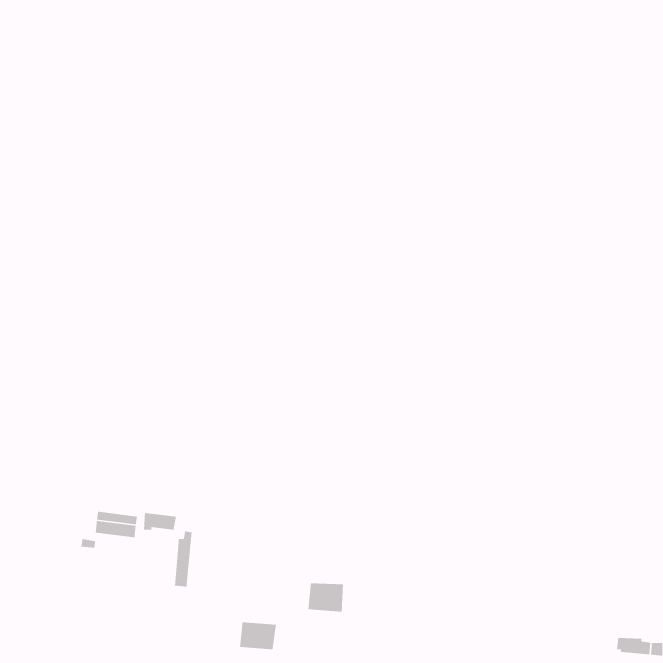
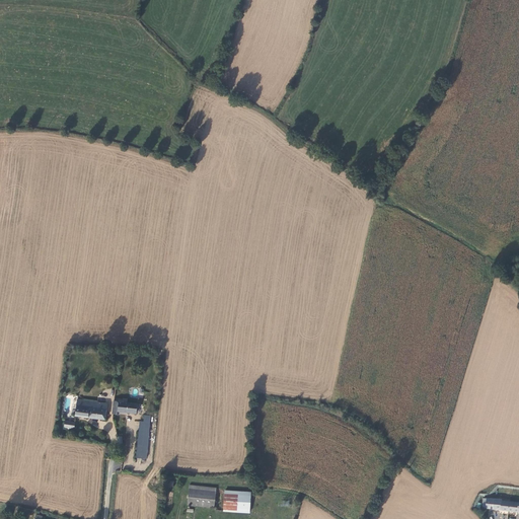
building: [308,582,344,612] -> [222,490,250,513]

